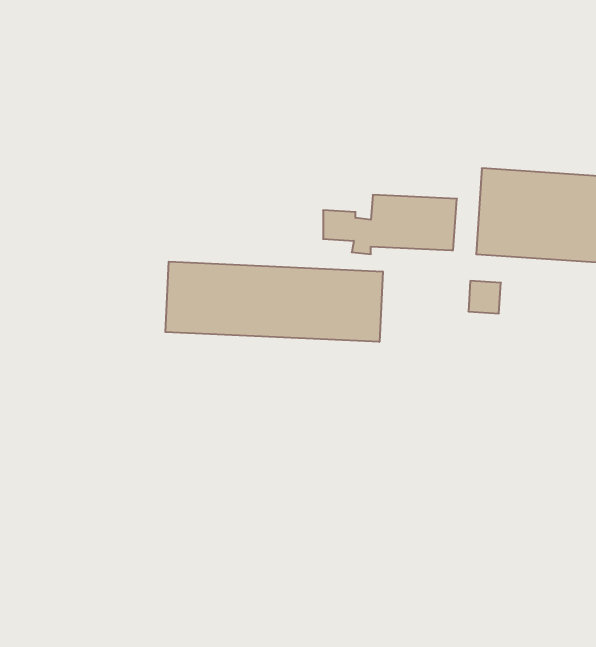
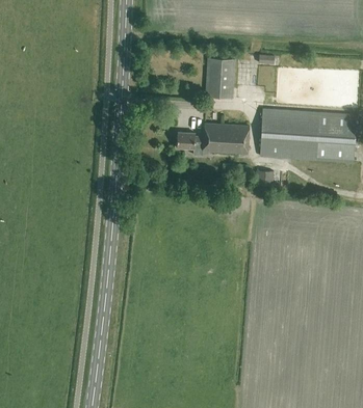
building: none -> [206,58,234,98]
building: [165,262,383,342] -> none

